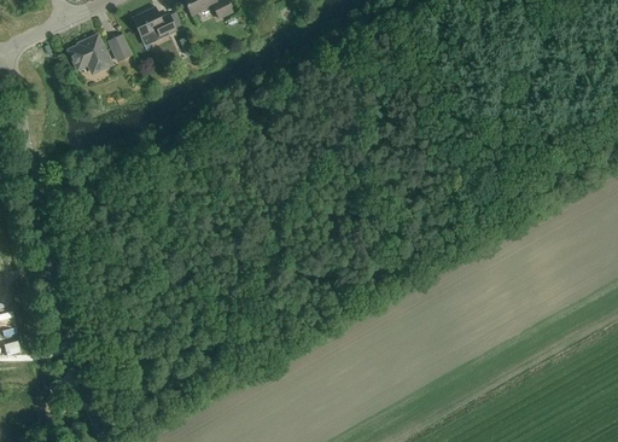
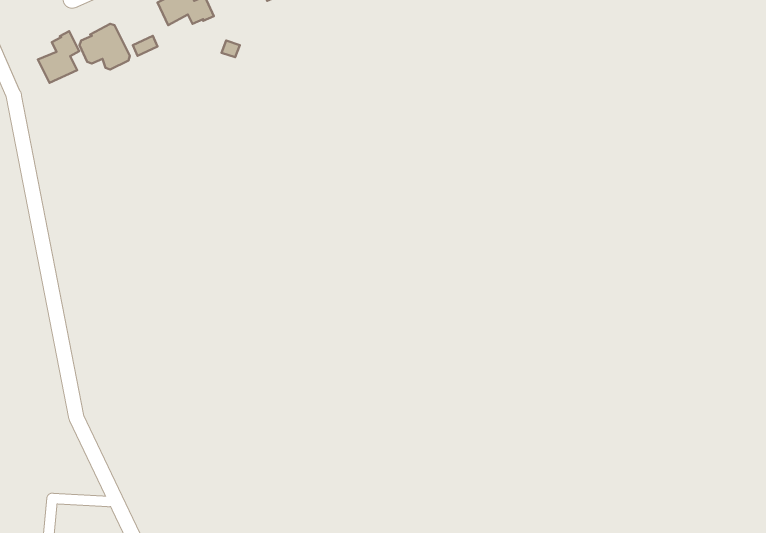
building: none -> [38,31,79,83]

